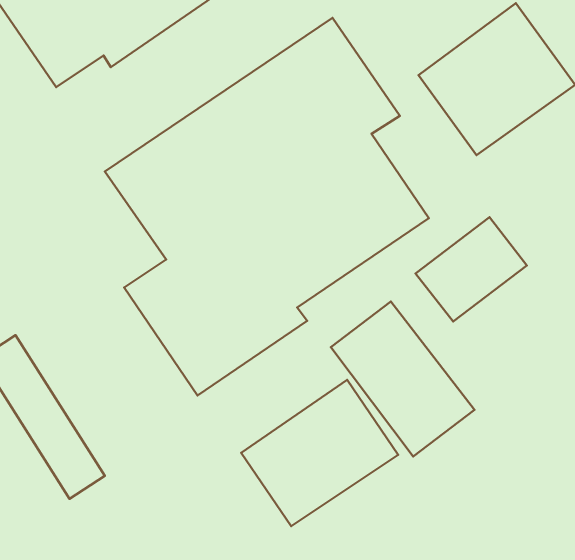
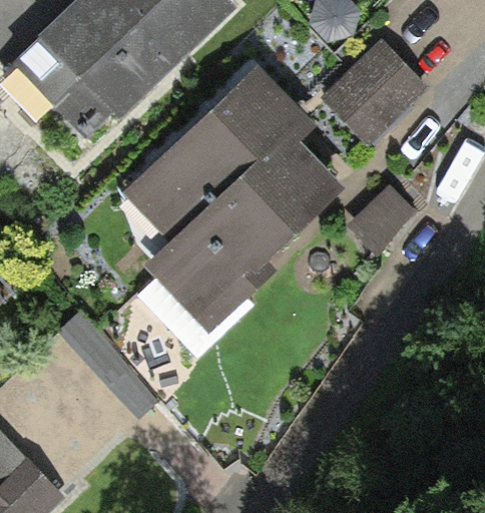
building: [331,301,474,456] -> none
building: [241,380,398,526] -> none

